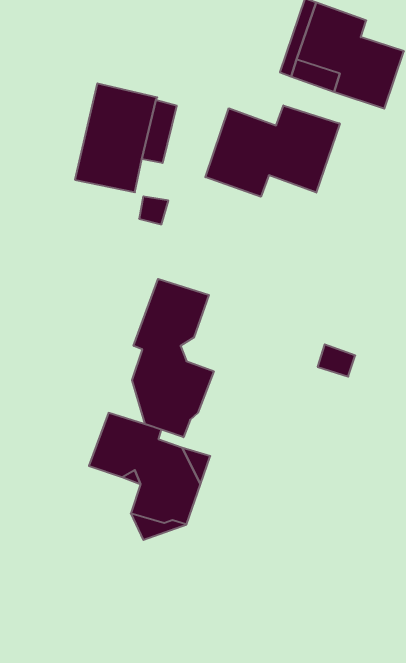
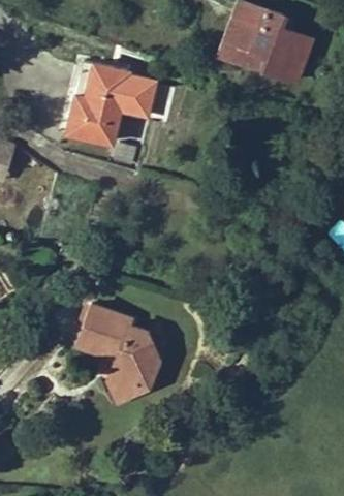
building: [205,105,340,197] -> none
building: [132,279,214,437] -> none

